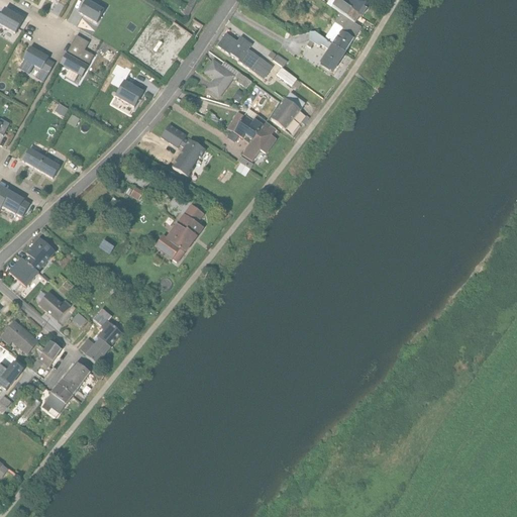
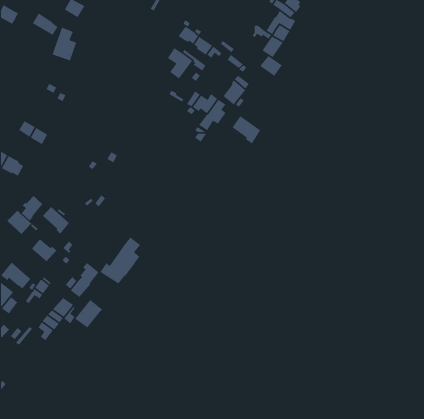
building: [22,43,55,72] -> [32,13,58,36]
building: none -> [259,55,283,77]
building: [117,80,145,106] -> none
building: [161,122,205,176] -> none
building: none -> [231,115,261,145]
building: [153,202,204,261] -> [100,236,141,285]
building: none -> [42,206,70,234]
building: none -> [74,299,103,329]

